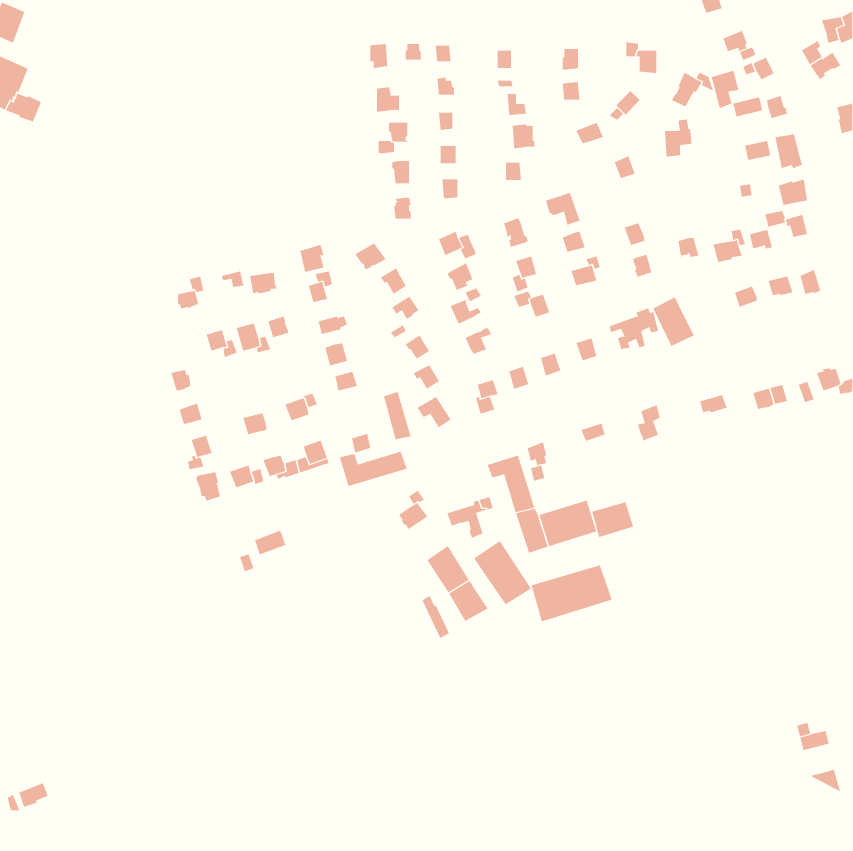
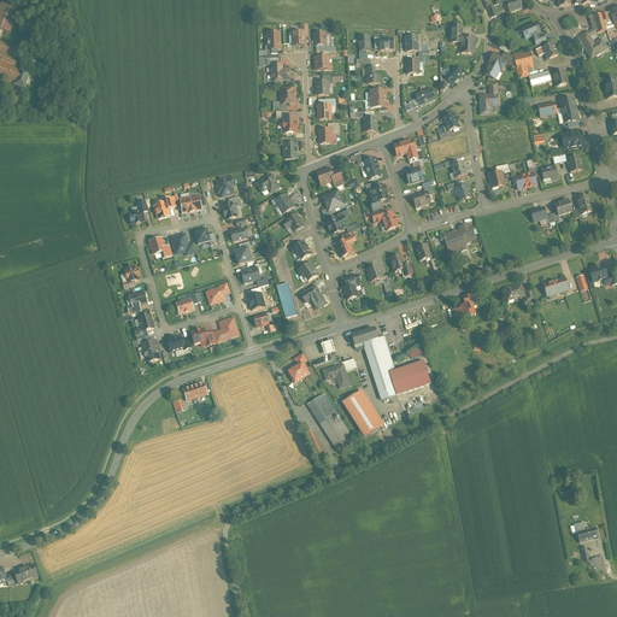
building: [653,297,695,347] -> none
building: [339,451,408,487] -> none
building: [592,501,634,538] -> none
building: [531,564,612,622] -> none

